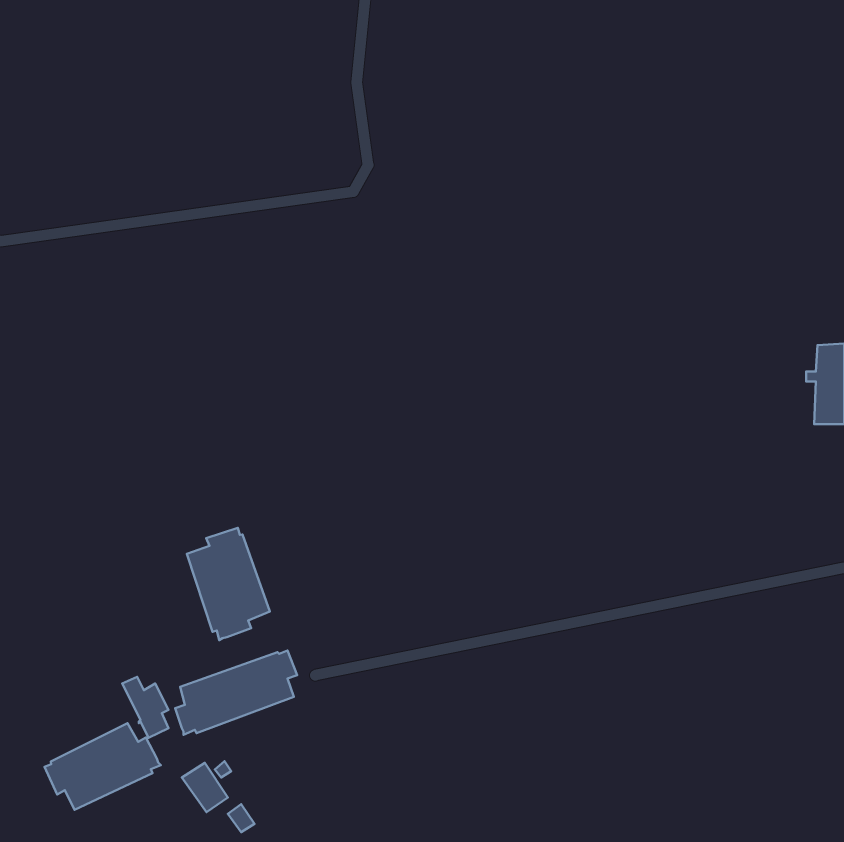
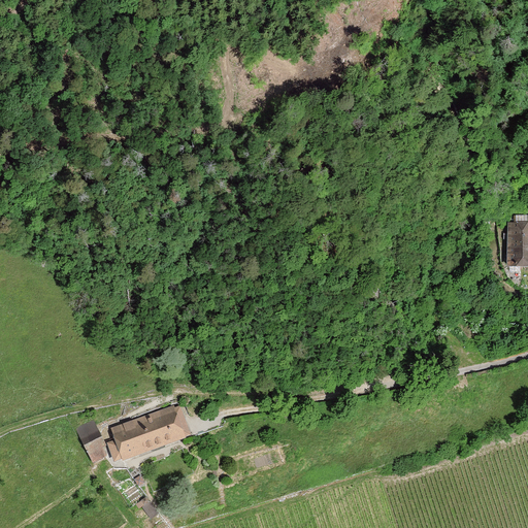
building: [187,528,270,640] -> none
building: [45,723,161,810] -> none

